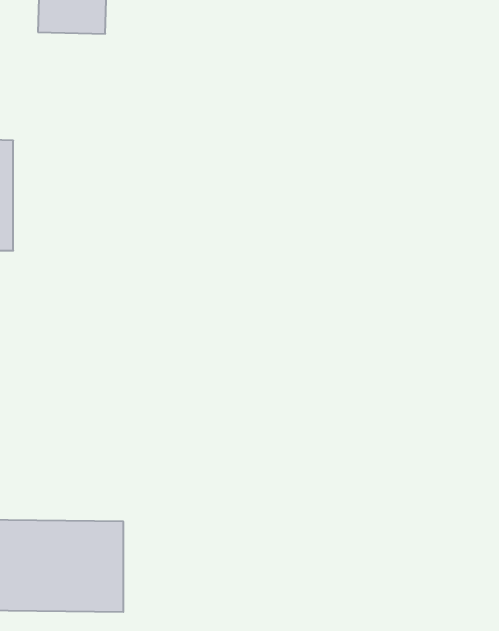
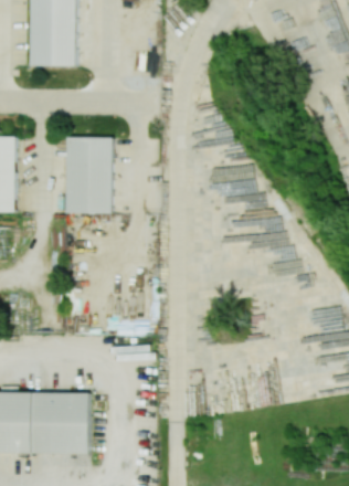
building: none -> [66,137,110,213]

